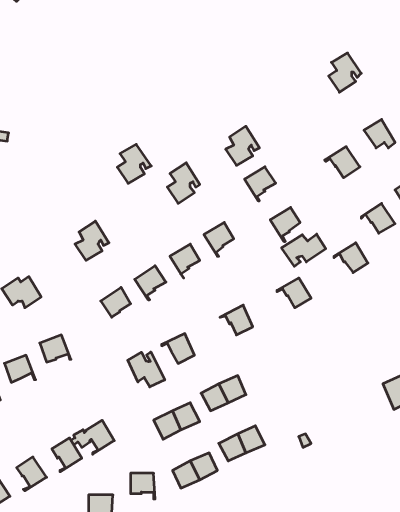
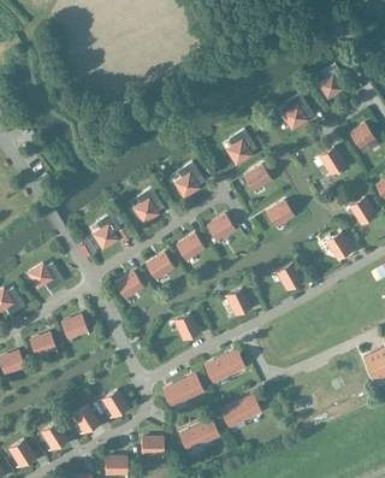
building: none -> [283,94,312,129]
building: [117,144,151,183] -> [134,188,164,223]
building: [282,234,326,266] -> none
building: [128,352,165,387] -> none

